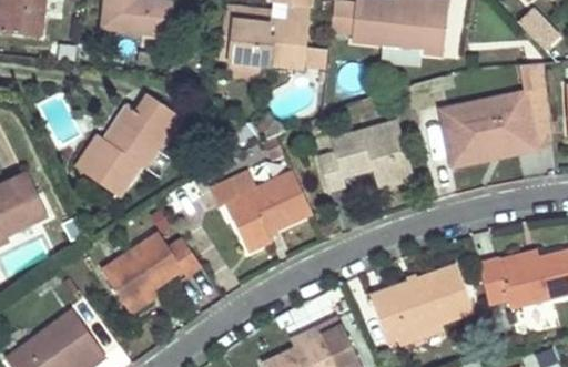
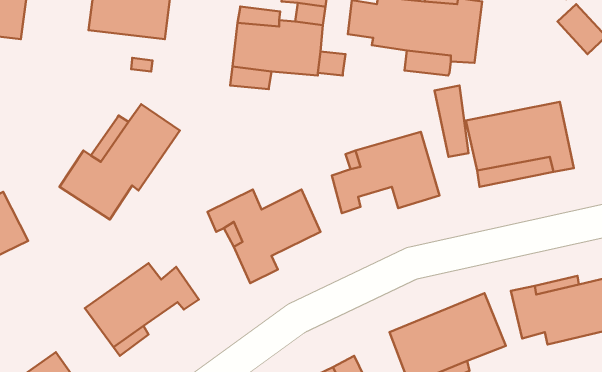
building: [519,86,549,150] -> [435,85,468,157]

